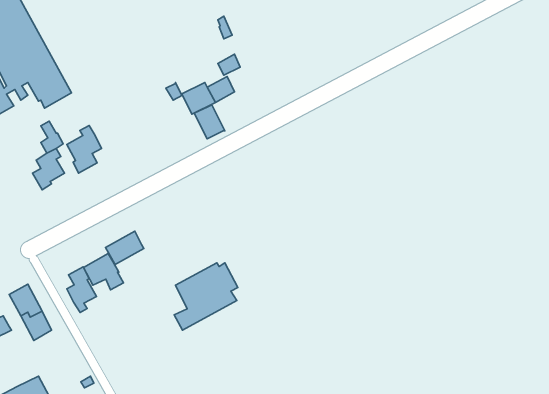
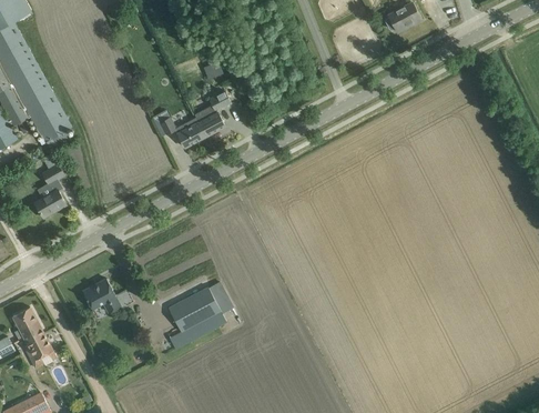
building: [194,105,225,139] -> none
building: [67,125,101,173] -> none
building: [106,231,144,265] -> none
building: [67,267,96,313] -> none

